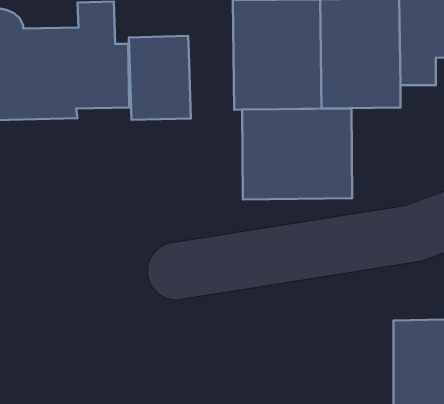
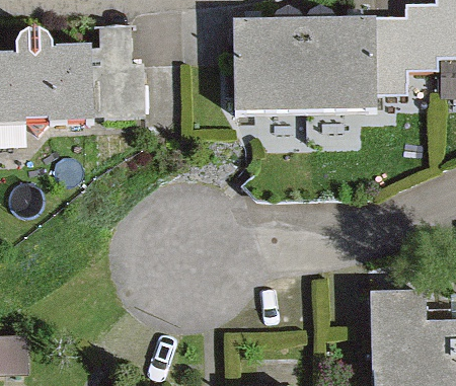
building: [129,36,191,120] -> none
building: [242,108,352,199] -> none

